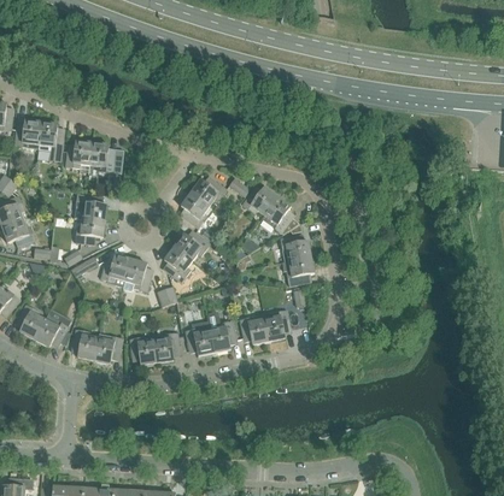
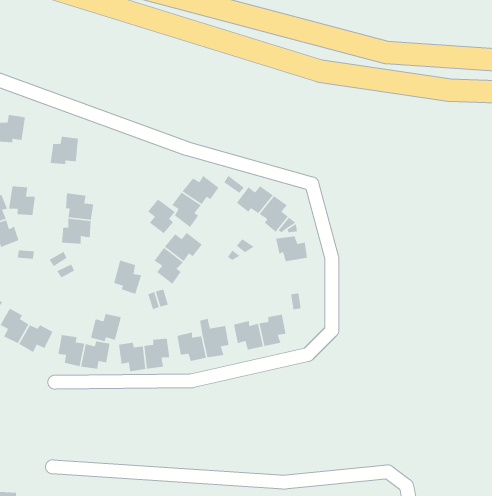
building: [37,122,64,150] -> [8,186,36,216]
building: [89,142,115,171] -> none
building: none -> [147,198,176,234]
building: [100,254,130,282] -> [90,313,122,342]
building: [281,256,313,285] -> none

